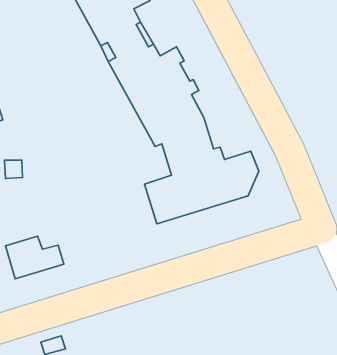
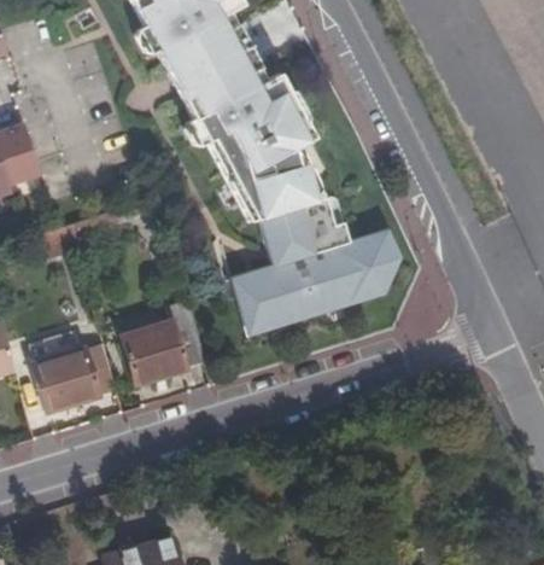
building: none -> [125,304,205,383]

